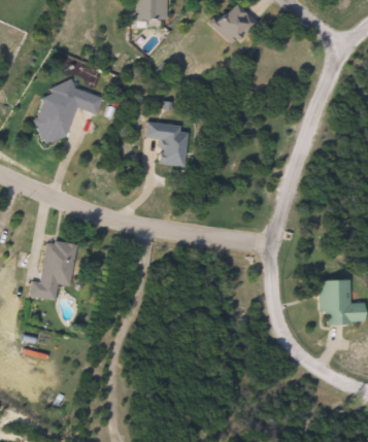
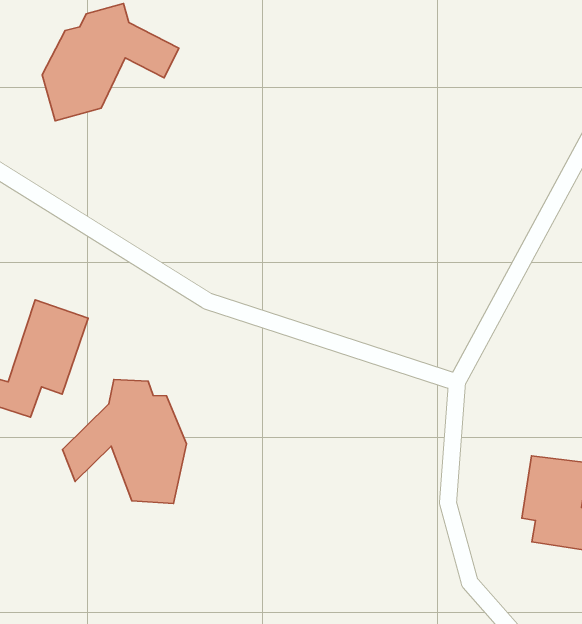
building: [146,124,187,166] -> none
building: none -> [63,379,186,504]

